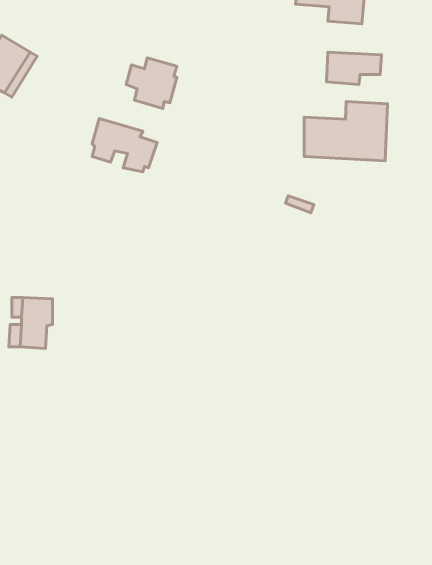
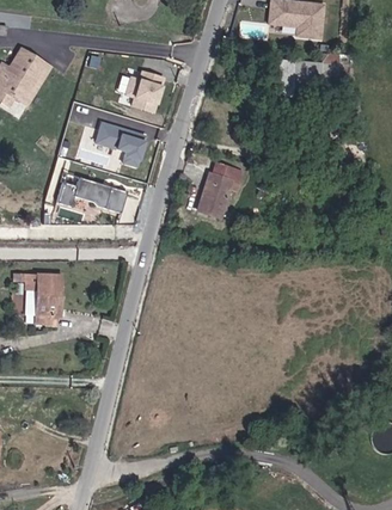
building: [304,102,388,161] -> none
building: none -> [197,164,243,220]
building: none -> [59,174,128,211]

